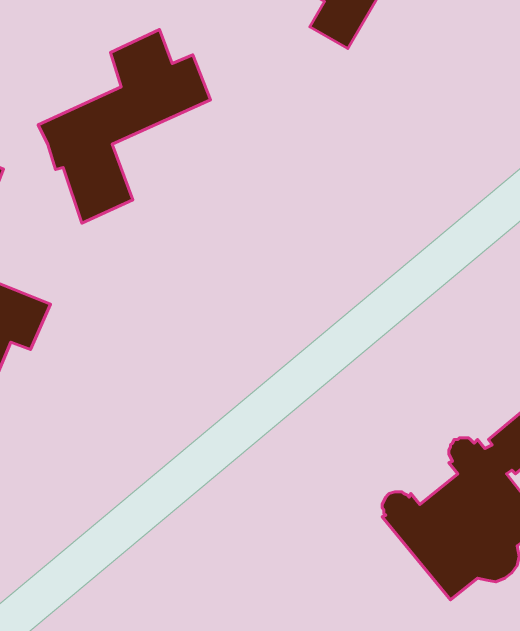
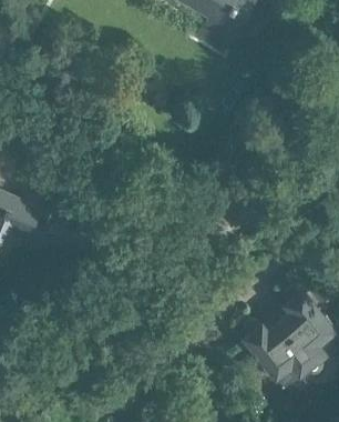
building: [38,29,211,223] -> none

